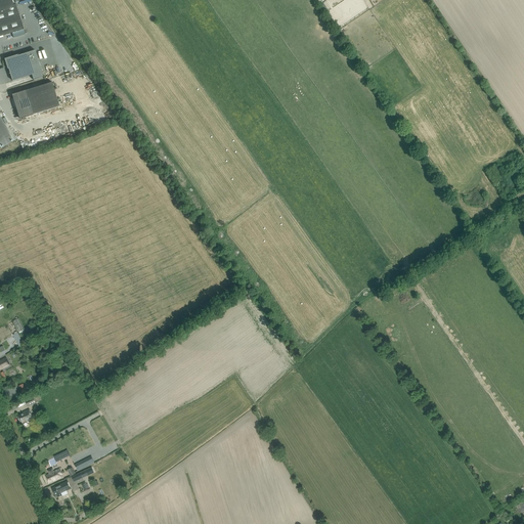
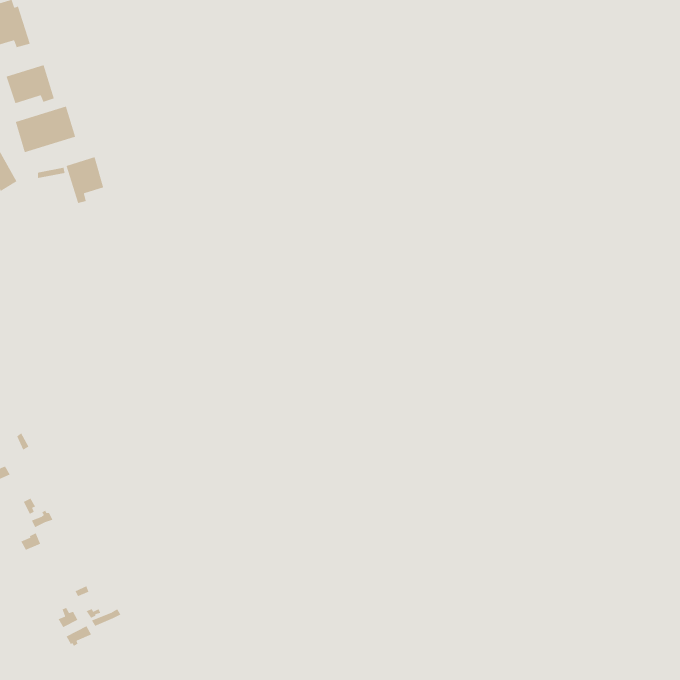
building: none -> [65,156,104,204]

